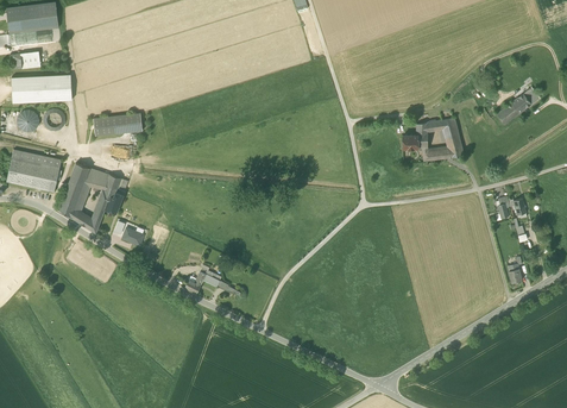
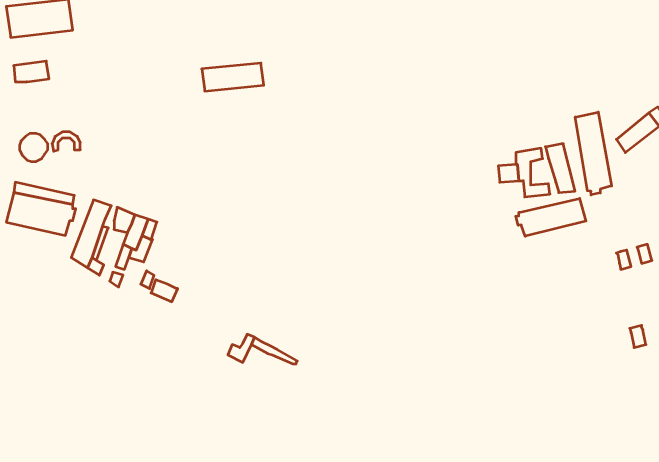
building: [12,74,73,102] -> none
building: none -> [575,112,612,195]
building: [93,113,143,136] -> [202,63,264,91]
building: none -> [516,198,586,236]

